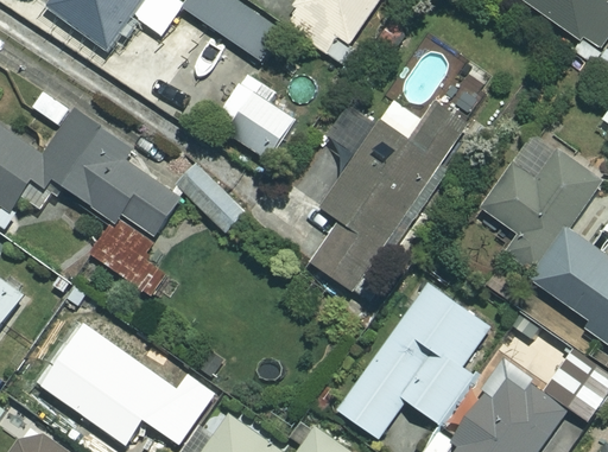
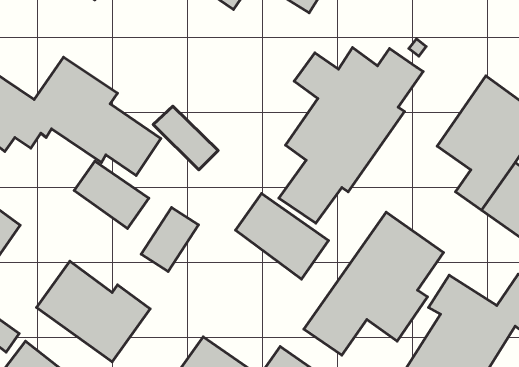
building: [213,71,298,160] -> none
building: none -> [235,193,329,279]
building: [153,374,216,444] -> [141,207,198,271]

